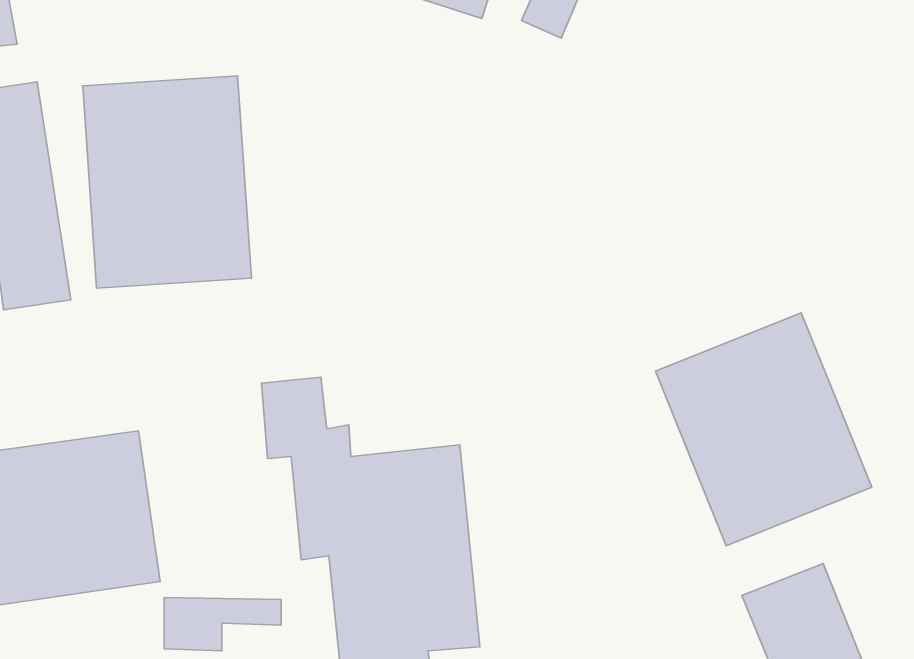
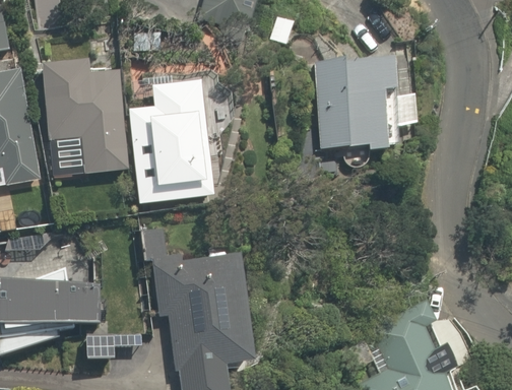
building: none -> [314,64,419,148]
building: none -> [132,81,213,201]
building: [655,313,872,546] -> none

